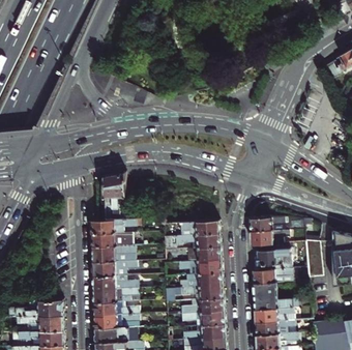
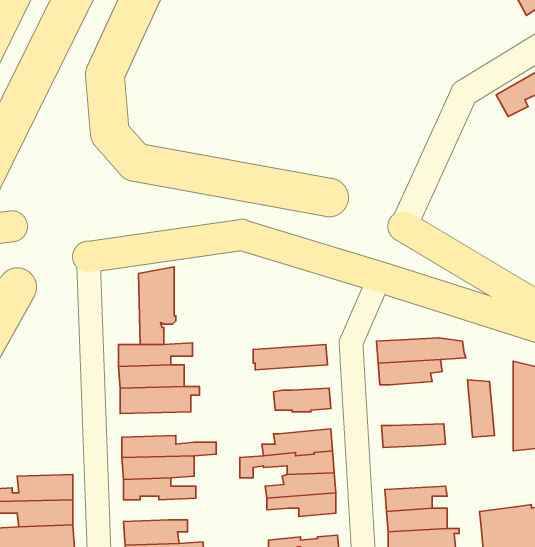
building: [164,233,221,251] -> none
building: [258,243,292,270] -> none
building: [179,260,222,275] -> none
building: [92,262,137,278] -> none
building: [254,283,301,310] -> none
building: [94,314,139,329] -> none
building: [182,324,226,341] -> none

